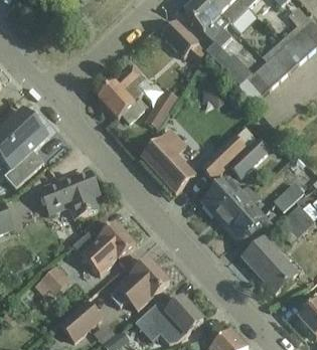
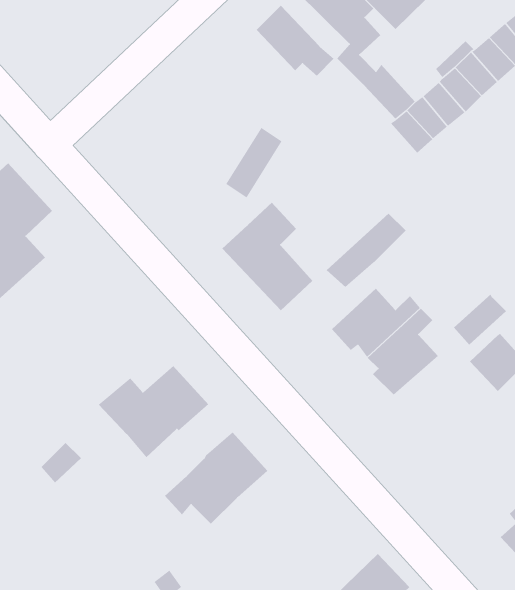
building: [99,59,147,118] -> none
building: [228,140,268,177] -> none
building: [40,171,99,216] -> none
building: [243,236,297,292] -> none
building: [136,296,203,343] -> none
building: [59,301,103,342] -> none

